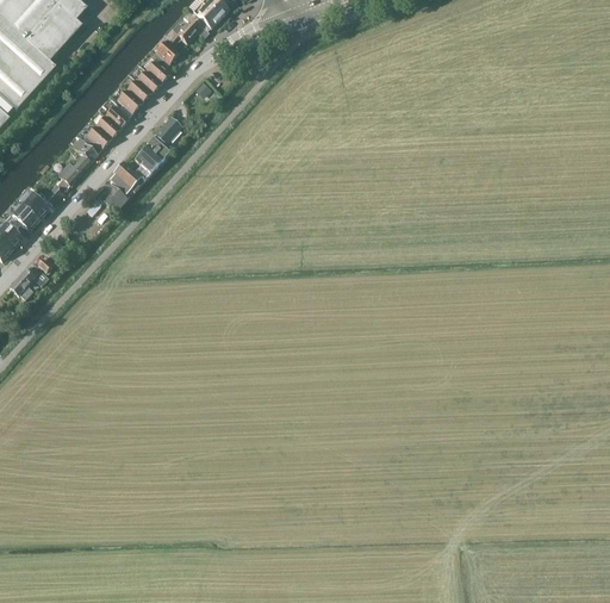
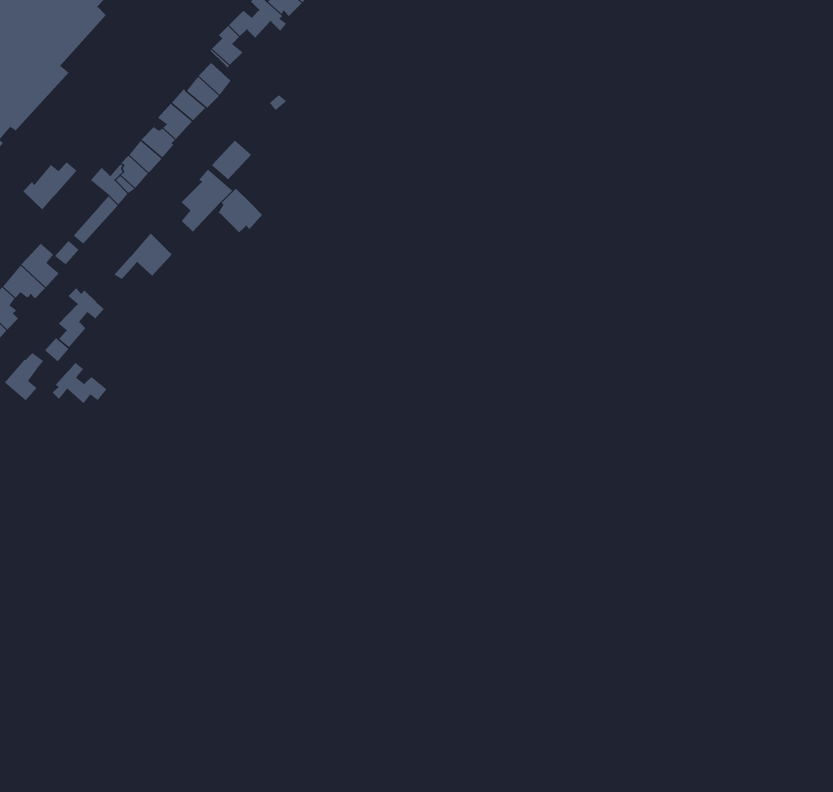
building: none -> [23,162,78,211]
building: [110,161,142,193] -> [217,188,263,233]
building: none -> [58,287,105,348]
building: none -> [52,362,107,404]

